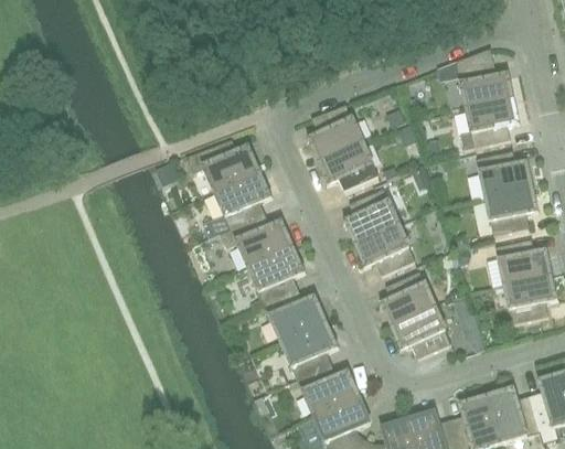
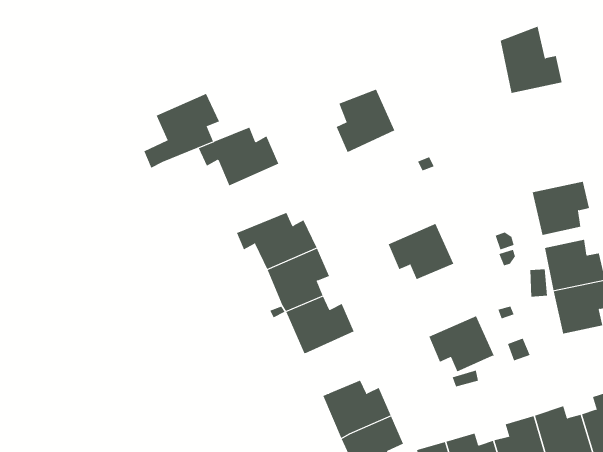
building: [460,98,518,149] -> none
building: [319,141,379,192] -> none
building: [476,150,531,196] -> none
building: [202,171,270,238] -> [144,93,220,168]
building: [344,188,398,243] -> none
building: [381,270,435,325] -> none
building: [280,321,337,378] -> none

